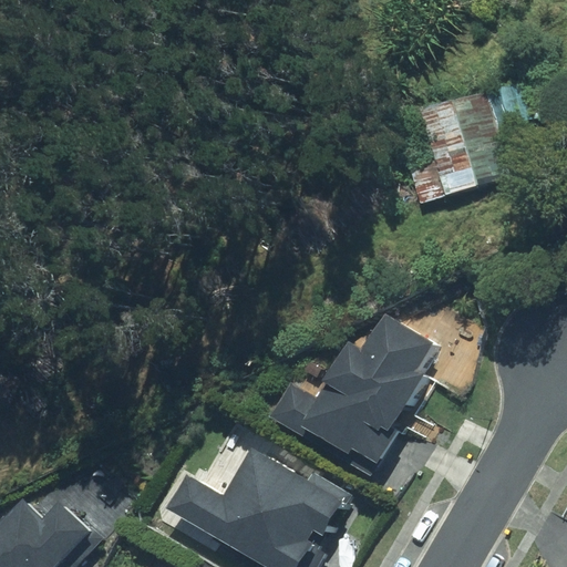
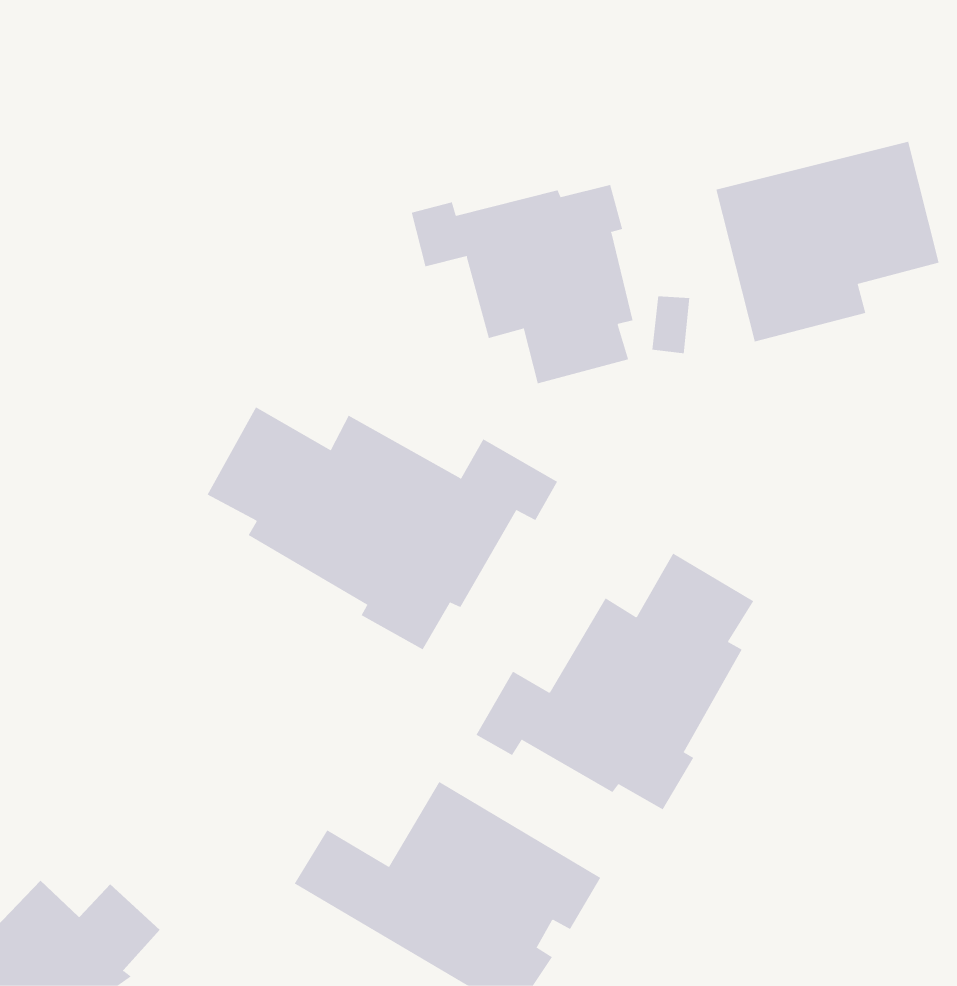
building: none -> [411,184,633,384]
building: none -> [207,407,558,650]

